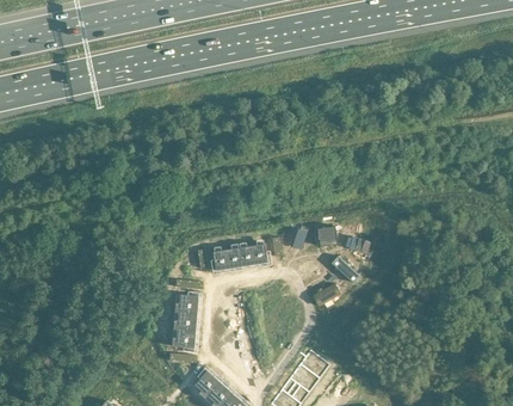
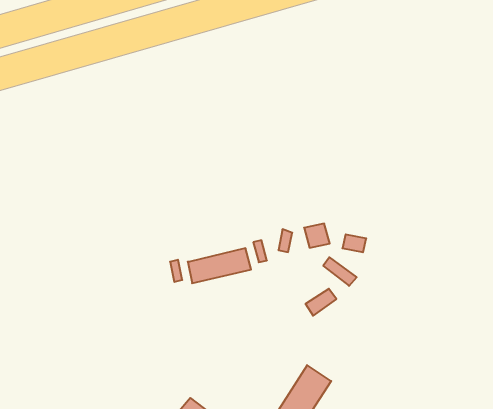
building: [172,294,199,347] -> none

